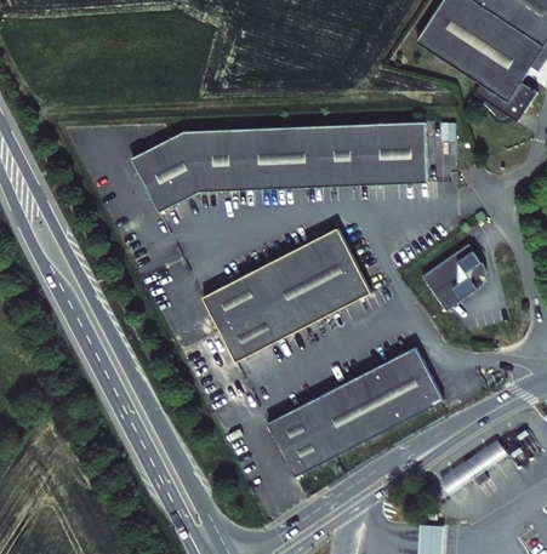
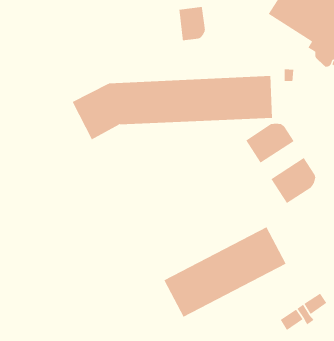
building: none -> [179,6,205,41]
building: none -> [246,123,294,163]
building: [209,233,371,355] -> none

